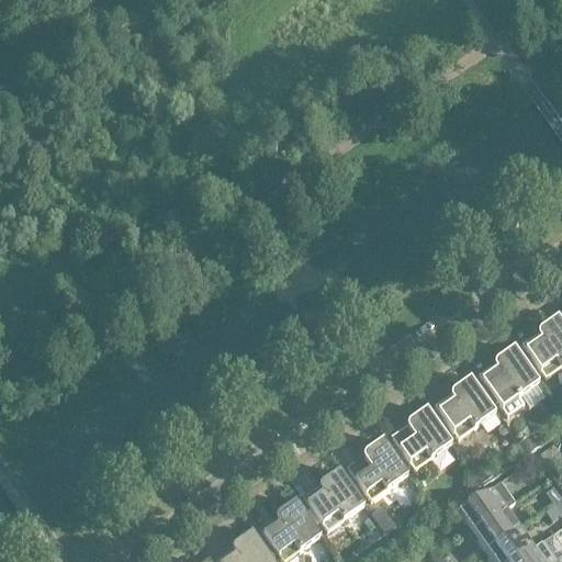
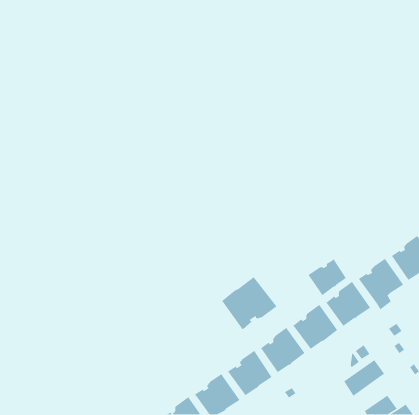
building: none -> [307,258,347,296]
building: none -> [221,276,278,330]
building: [473,504,522,548] -> none

